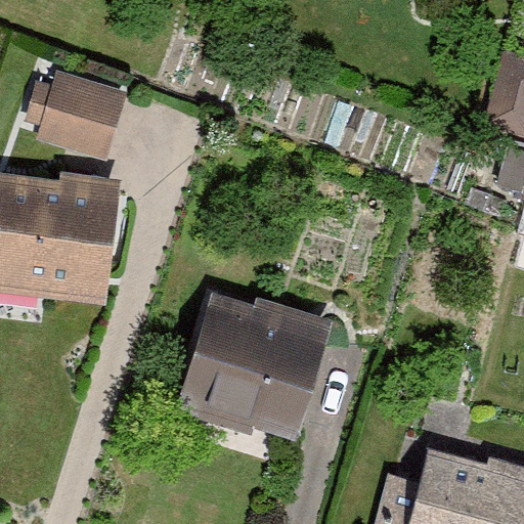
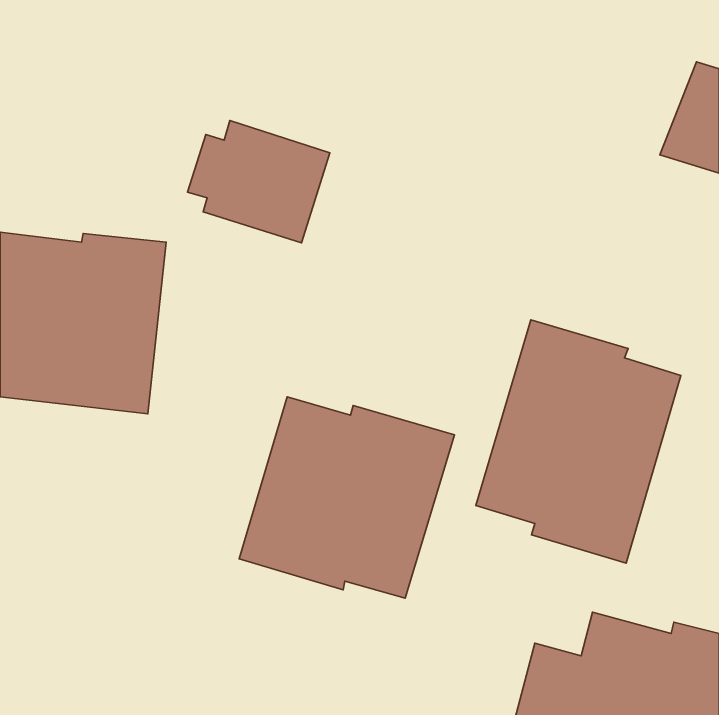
building: [26,72,129,161] -> [188,120,330,243]
building: none -> [476,320,681,563]

